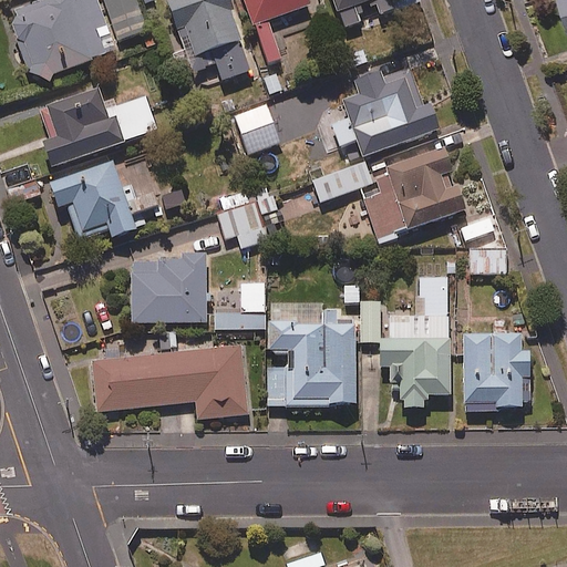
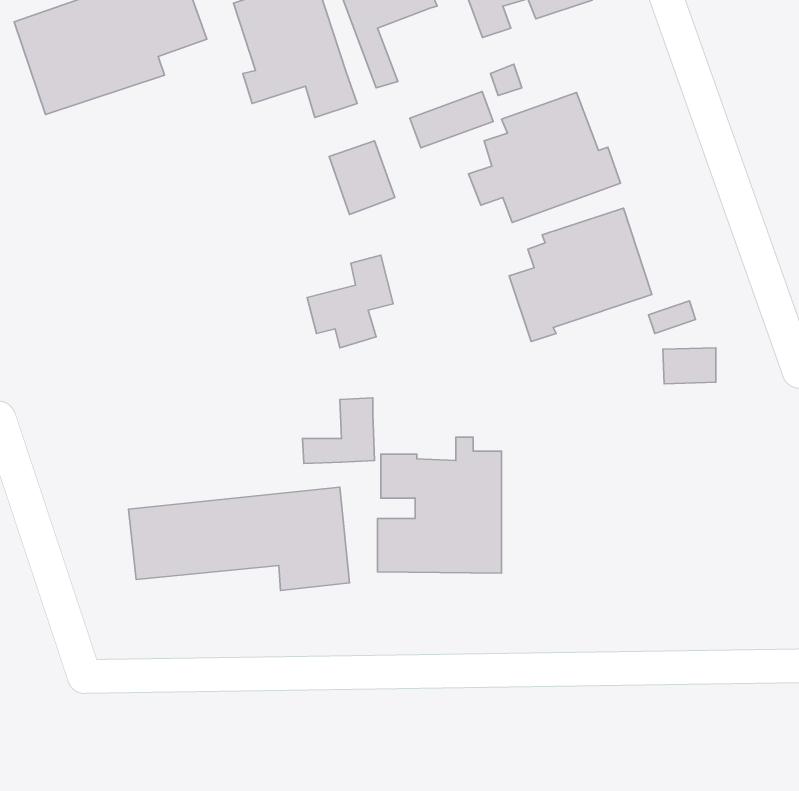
building: [40,89,156,167] -> none
building: [48,161,161,239] -> none
building: [312,161,371,200] -> [410,92,493,148]
building: [131,249,207,322] -> none
building: [360,275,450,410] -> none
building: [463,317,535,410] -> none

